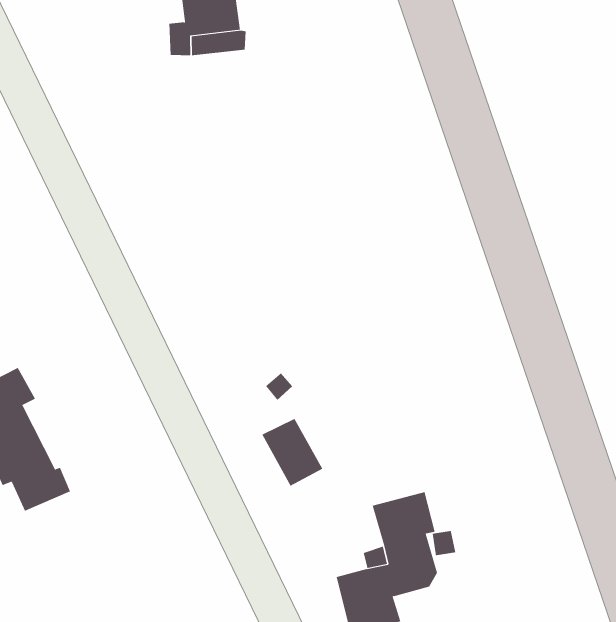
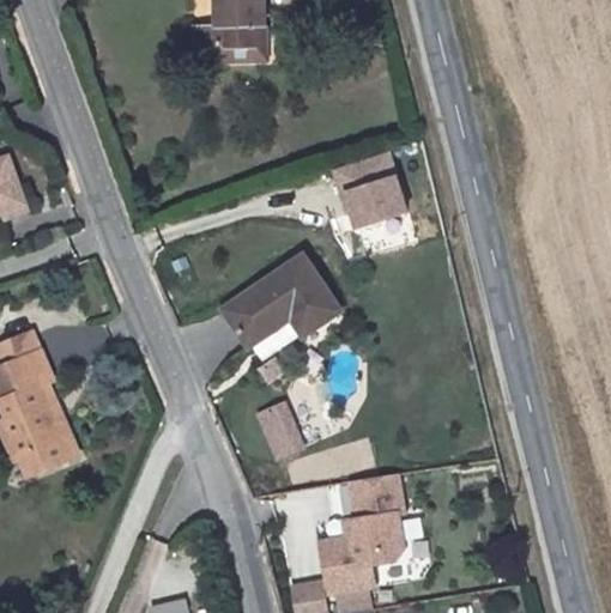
building: none -> [331,151,410,232]
building: none -> [224,256,341,346]

